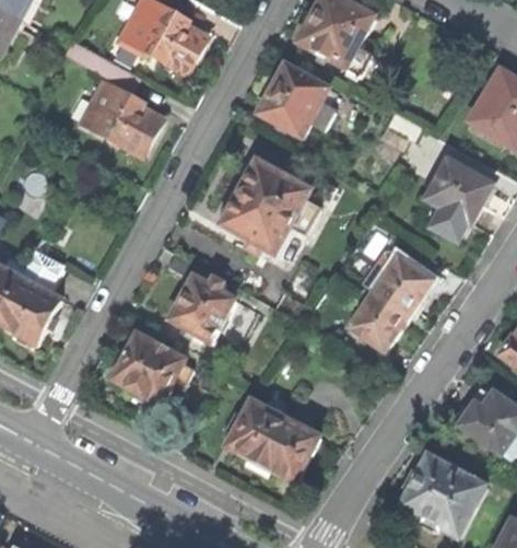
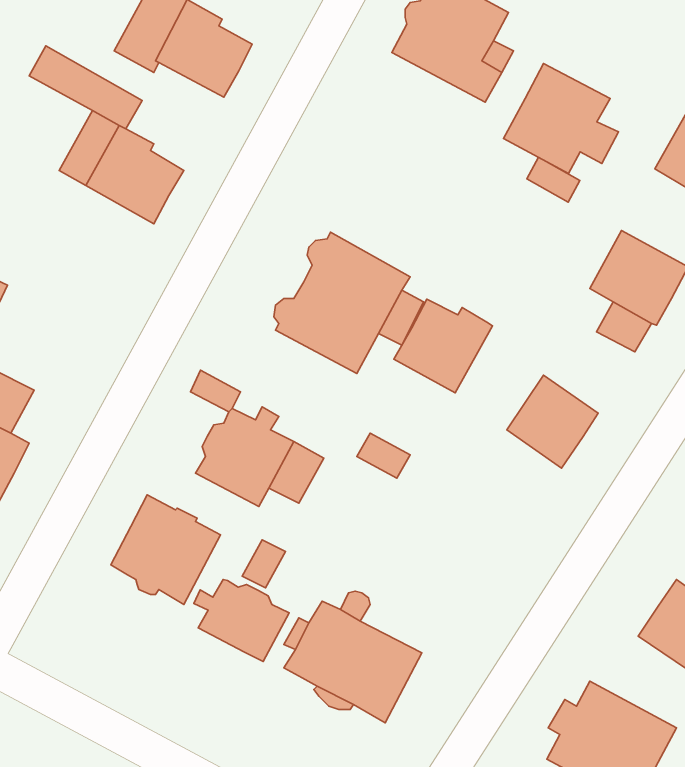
building: [259,62,334,135] -> [504,64,618,173]
building: none -> [394,299,493,393]
building: [349,289,410,351] -> none
building: none -> [194,579,289,662]

